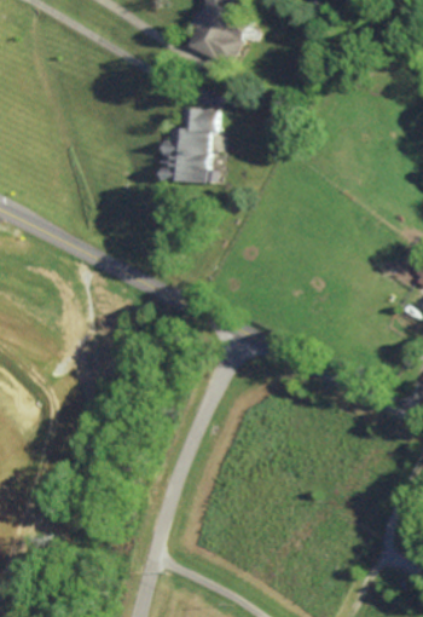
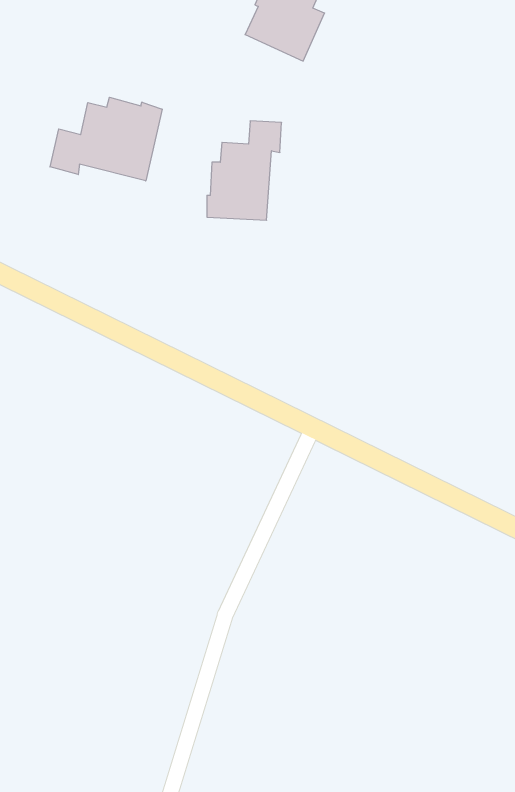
building: none -> [50,97,162,181]

